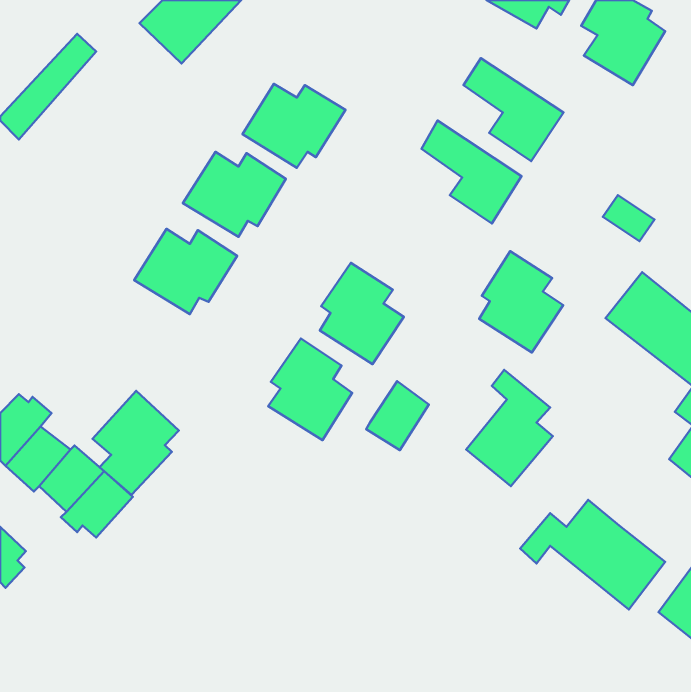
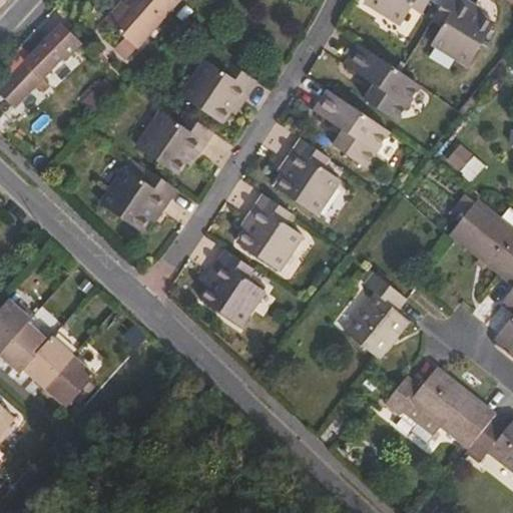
building: [479,251,563,353] -> [275,137,337,212]
building: [366,381,429,450] -> none
building: [93,391,179,495] -> none

